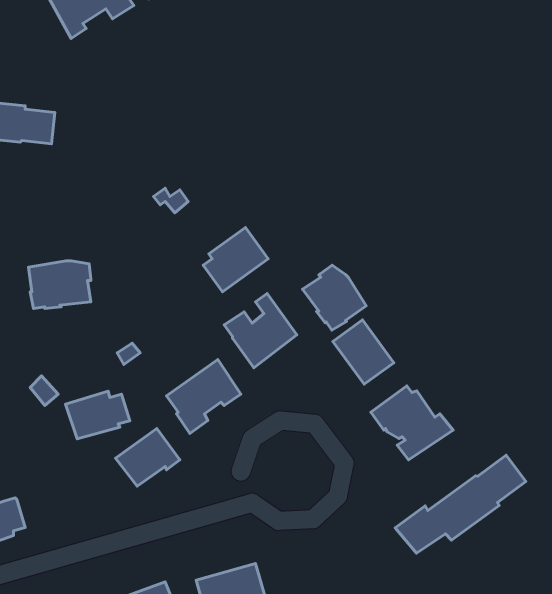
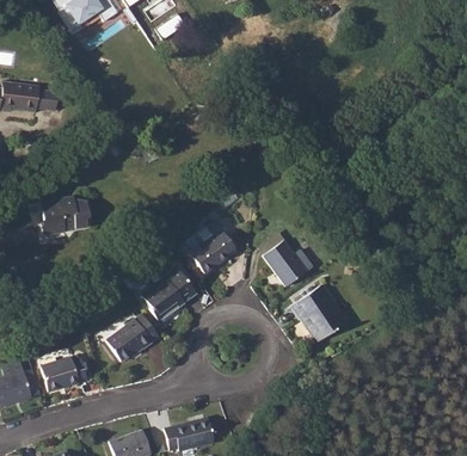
building: [203,227,268,292] -> none
building: [303,265,366,330] -> none
building: [66,391,130,439] -> [41,357,87,392]
building: [395,455,526,553] -> none

